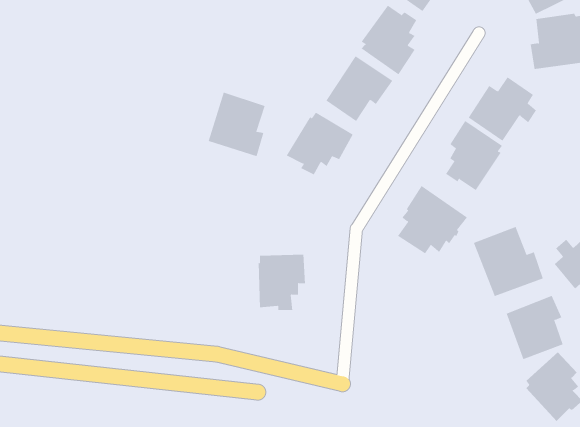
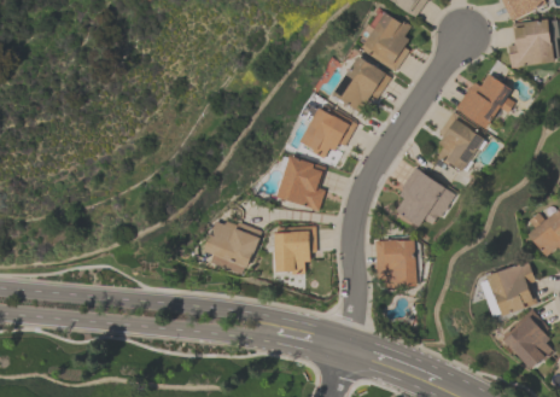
building: [208,92,265,157] -> [275,154,325,210]
building: [473,226,543,297] -> none
building: none -> [204,218,261,274]
building: none -> [374,239,415,286]

